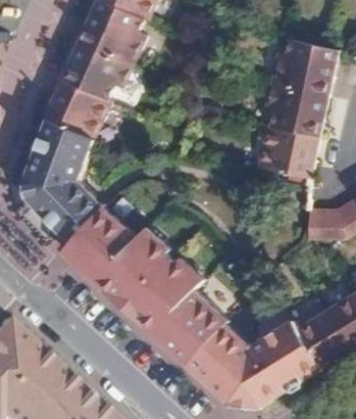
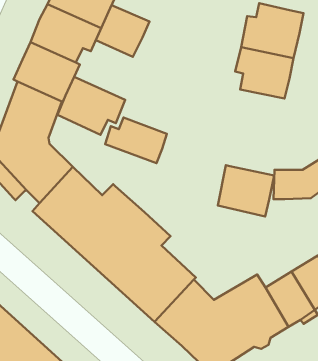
building: none -> [96,5,149,57]
building: none -> [58,77,125,135]
building: [263,126,320,178] -> [218,165,274,217]
building: none -> [105,118,167,163]

